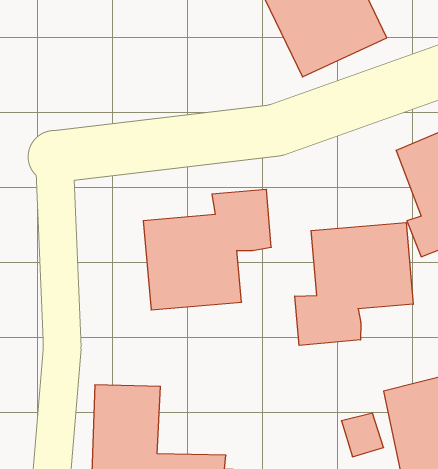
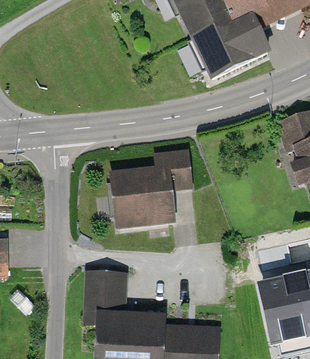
building: [295,223,413,345] -> none

